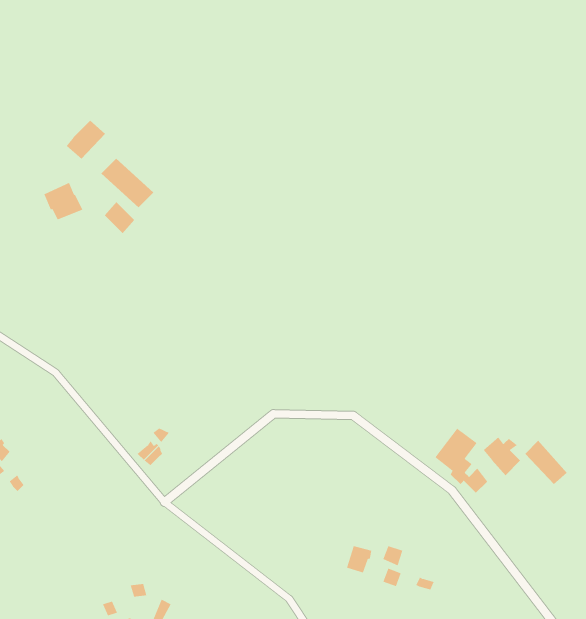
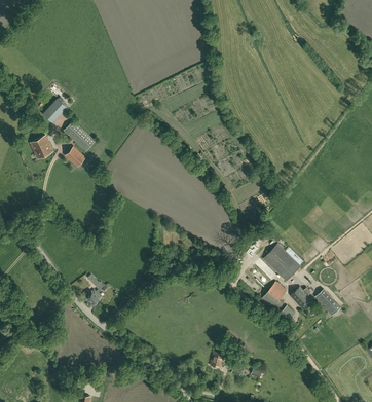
building: none -> [263,243,301,281]

